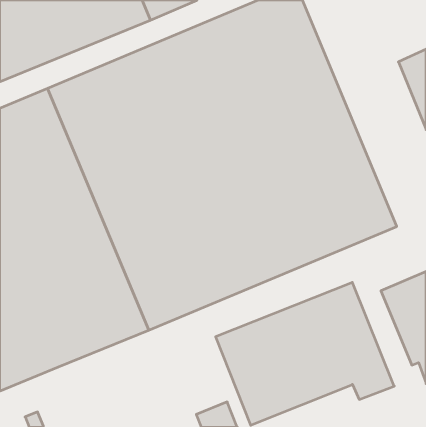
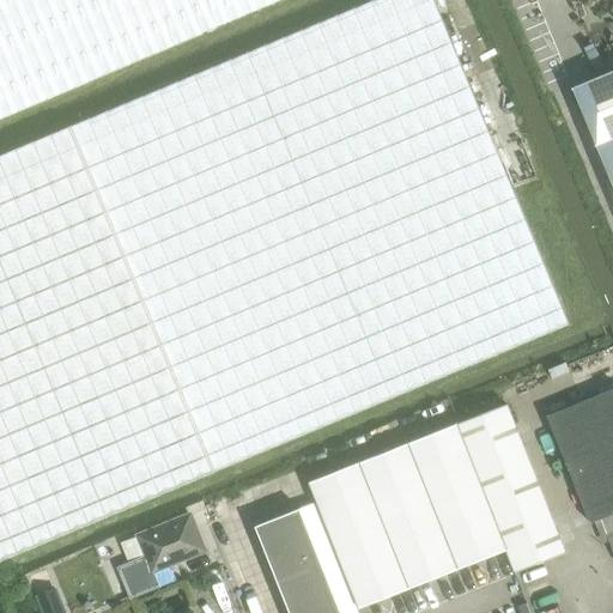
building: none -> [255,509,326,594]
building: none -> [120,515,205,596]

